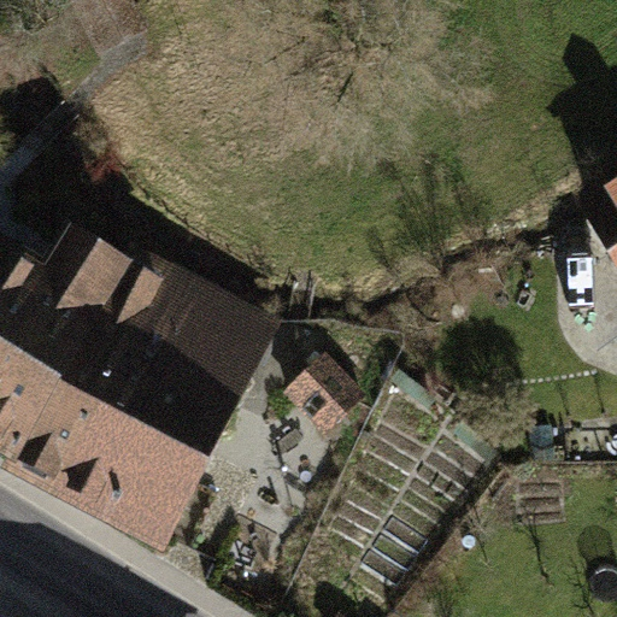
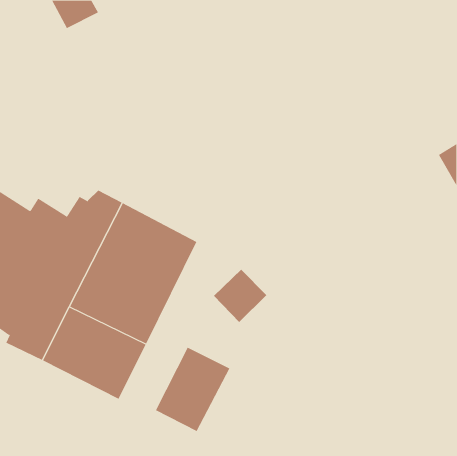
building: none -> [155,347,230,432]

